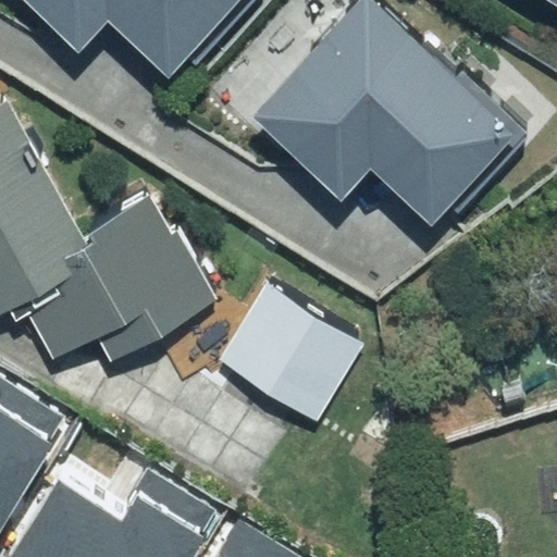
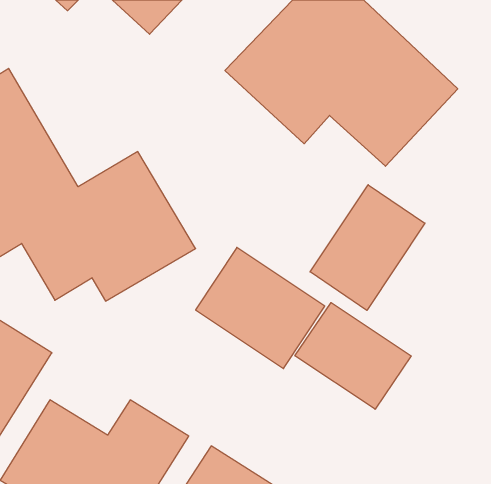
building: none -> [310,185,425,310]
building: none -> [295,303,411,409]

